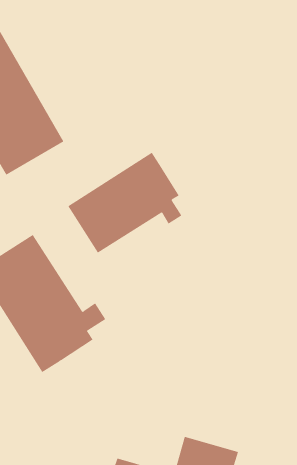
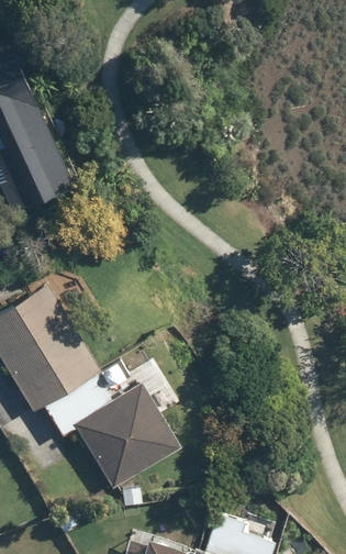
building: [67,152,182,254] -> none
building: none -> [74,384,180,488]

